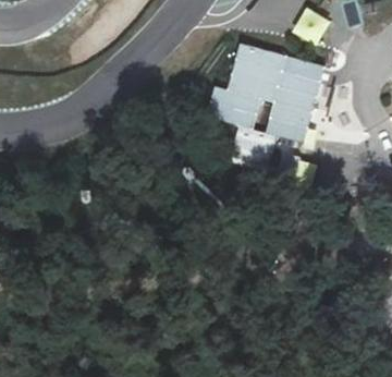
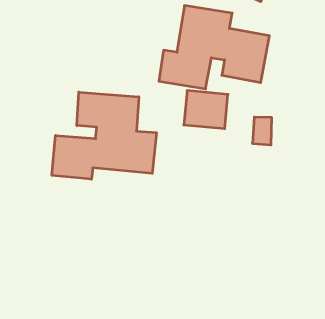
building: none -> [52,92,156,179]

